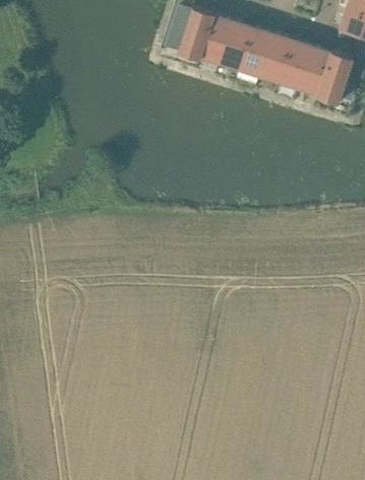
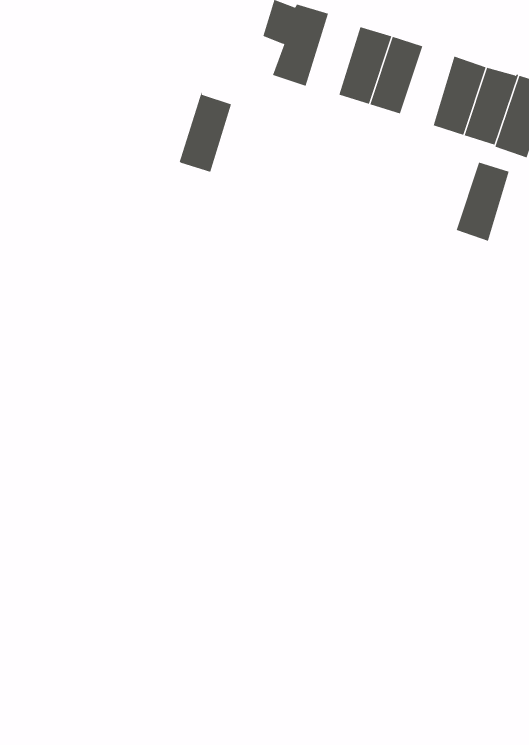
building: [198,13,232,64] -> [178,91,232,172]
building: [257,33,291,83] -> [456,162,509,241]

